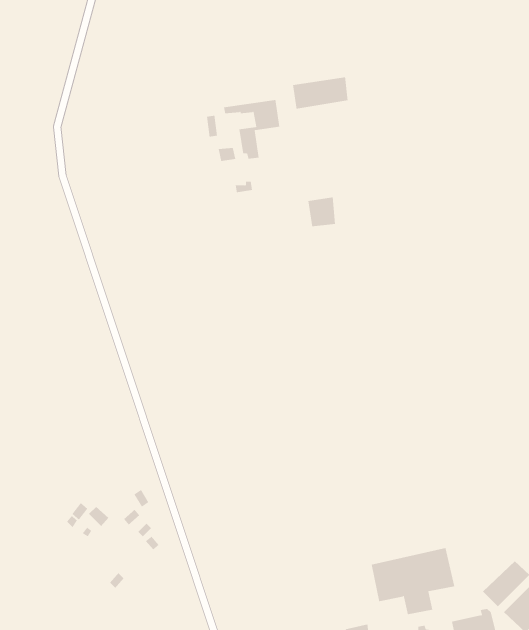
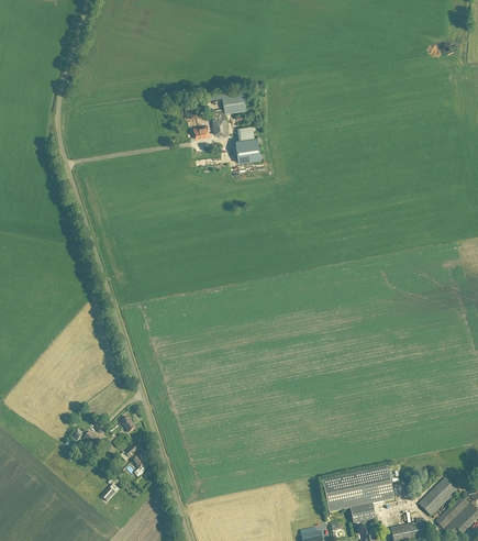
building: [292,77,348,110] -> none
building: [307,197,336,227] -> [235,135,259,161]

